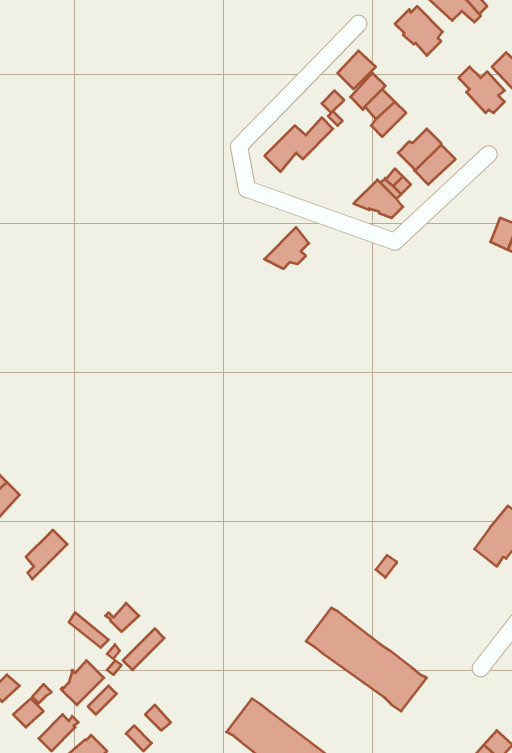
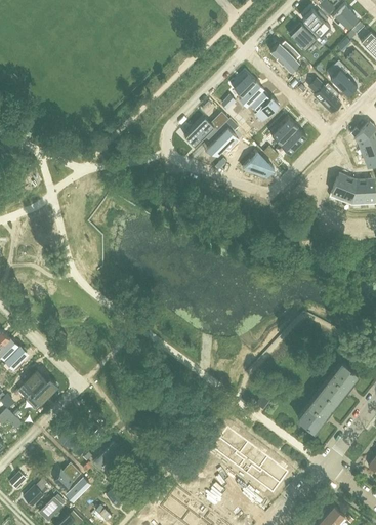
building: [264,227,309,269] -> [207,128,236,155]
building: none -> [19,369,46,397]
building: none -> [297,390,334,431]

